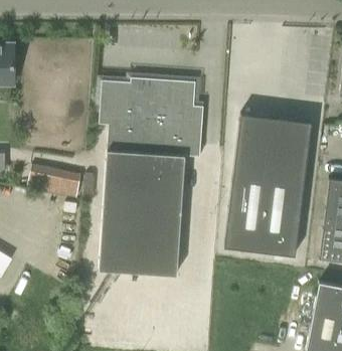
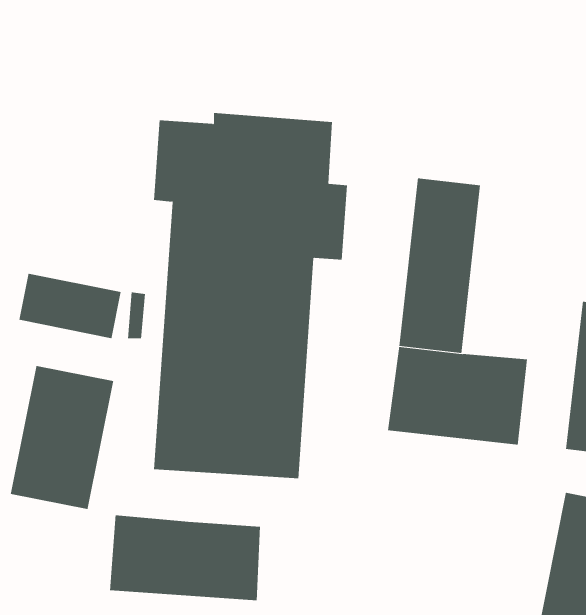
building: [265,117,310,210] -> none
building: none -> [10,365,114,510]
building: none -> [109,515,261,601]

